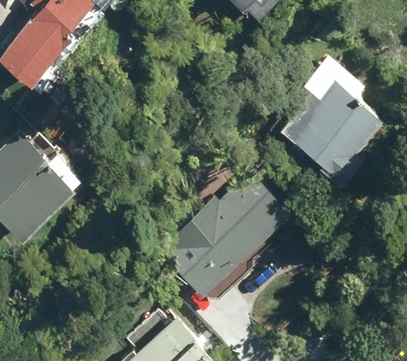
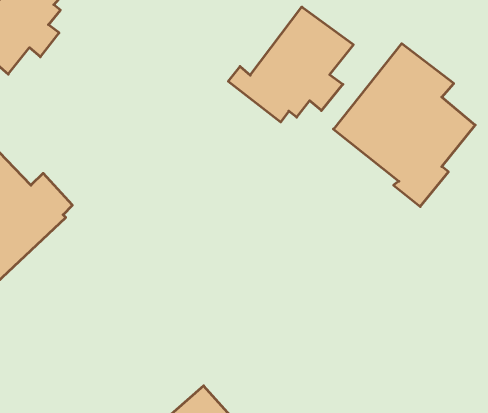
building: none -> [228,7,353,122]
building: [159,177,288,298] -> none

